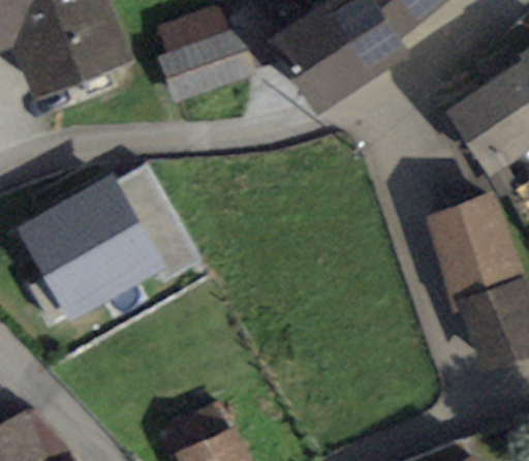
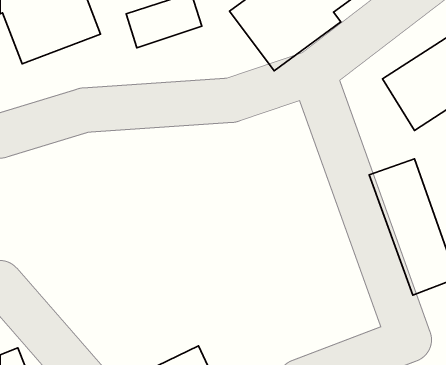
building: [26,176,197,312] -> none

